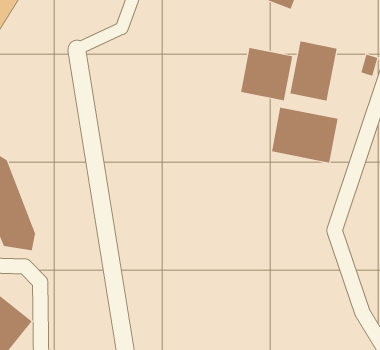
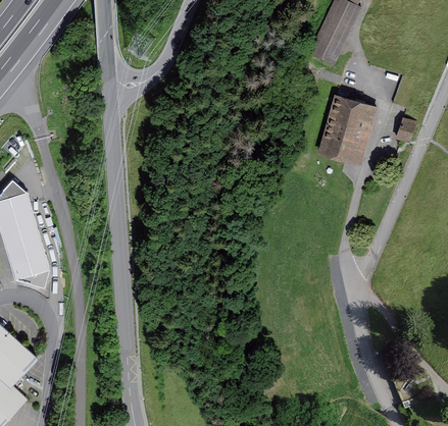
building: [240,47,293,101] -> none
building: [271,107,338,163] -> none

